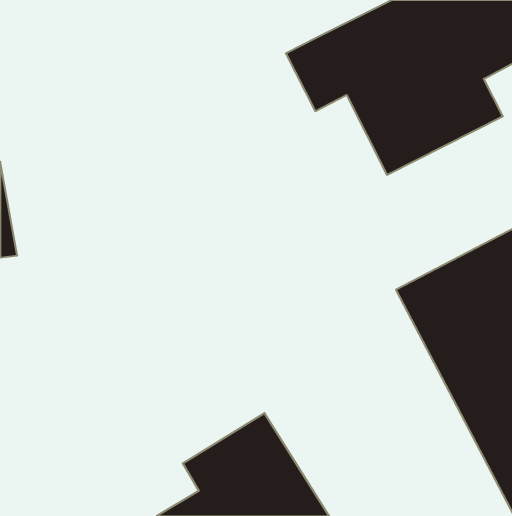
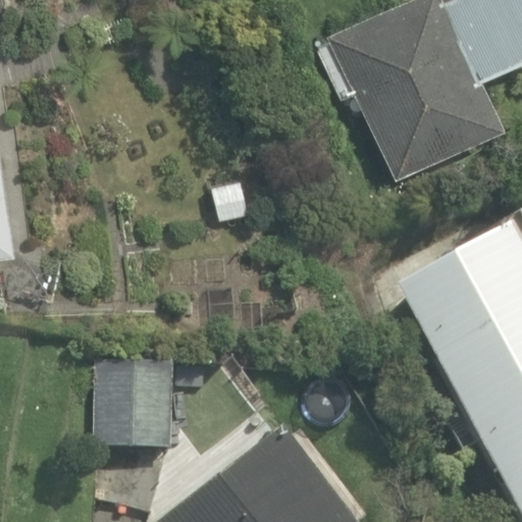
building: none -> [96,365,178,458]

